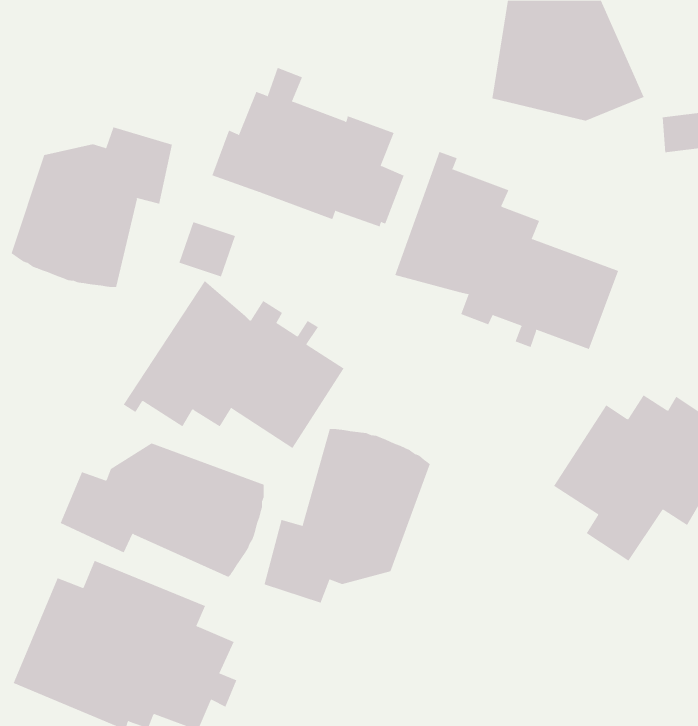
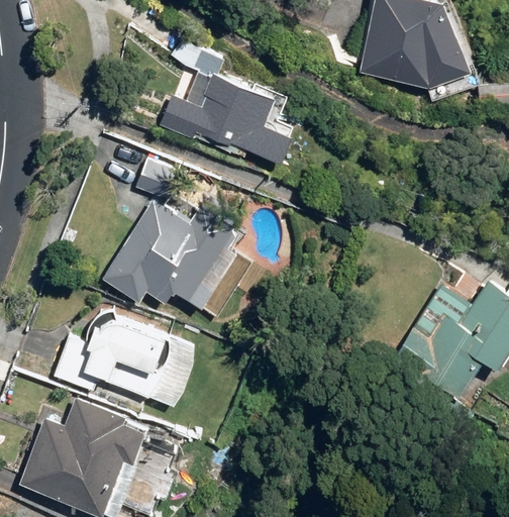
building: [11,127,173,288] -> none
building: [394,151,619,350] -> none
building: [264,428,431,603] -> none

